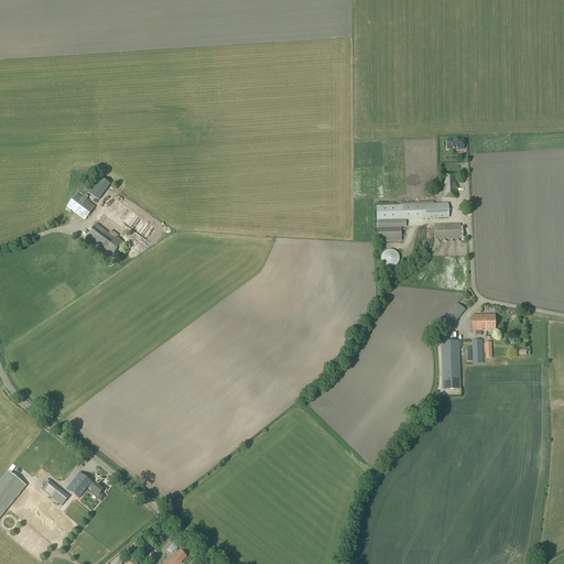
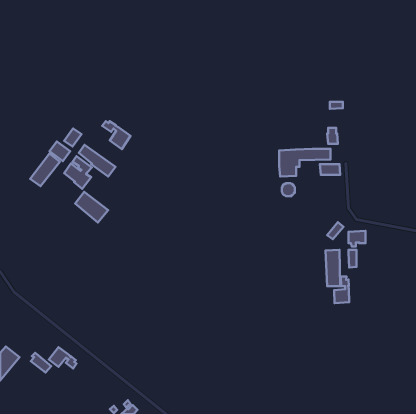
building: none -> [102,121,131,149]
building: none -> [30,153,60,186]
building: none -> [75,192,108,223]
building: none -> [334,276,349,303]

